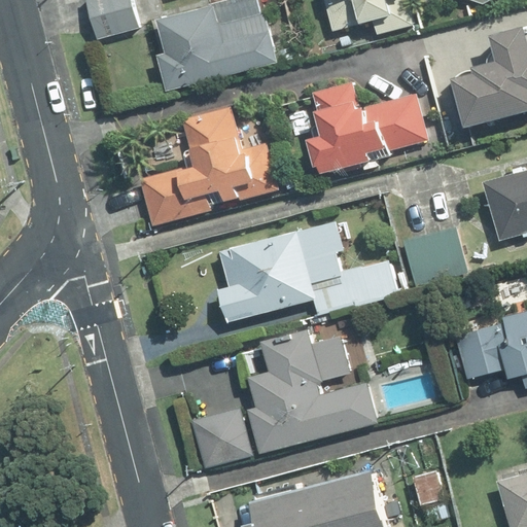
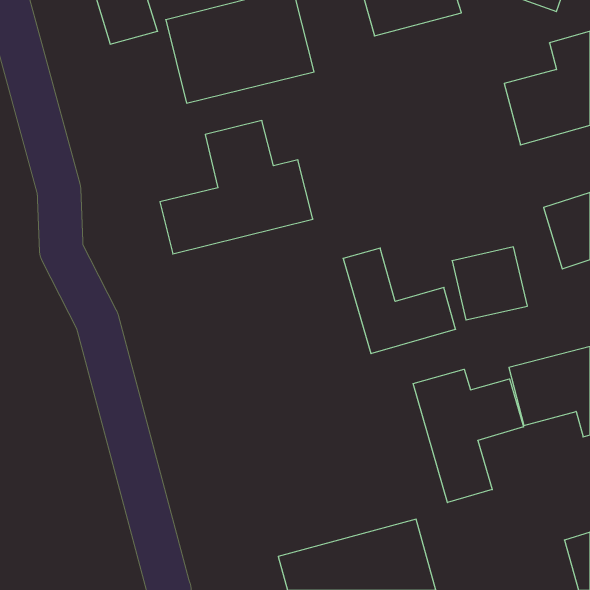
building: [295,84,431,174] -> none
building: [217,233,317,322] -> none
building: [190,326,381,470] -> none
building: none -> [413,369,524,503]

